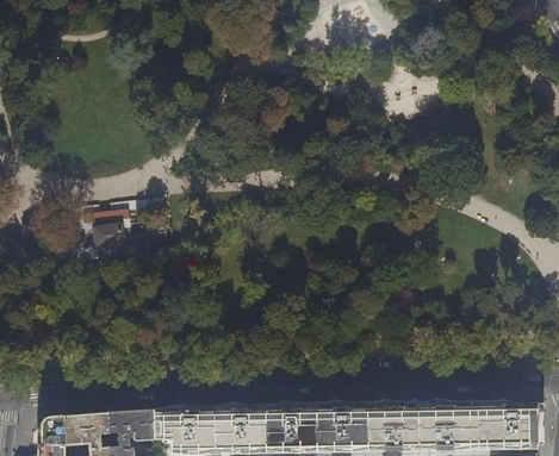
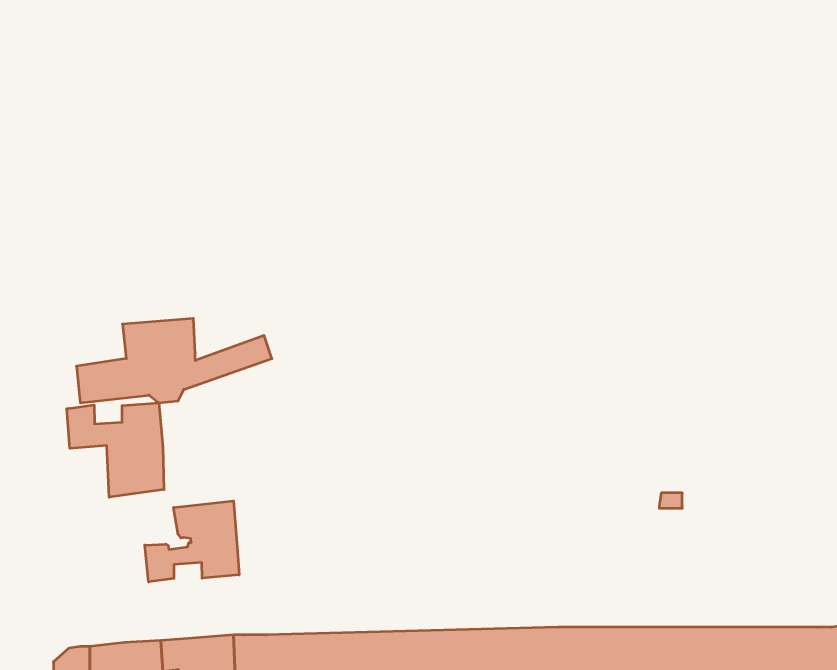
building: none -> [67,403,164,497]
building: none -> [145,501,239,582]

